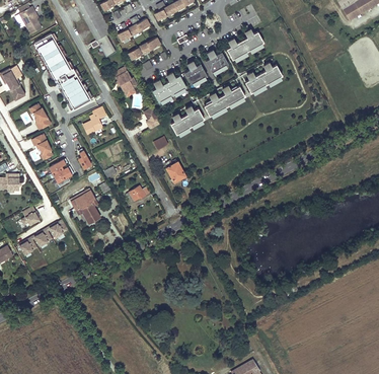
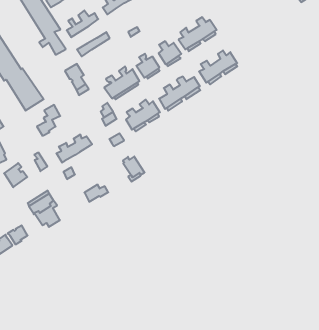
building: none -> [56,134,92,163]

